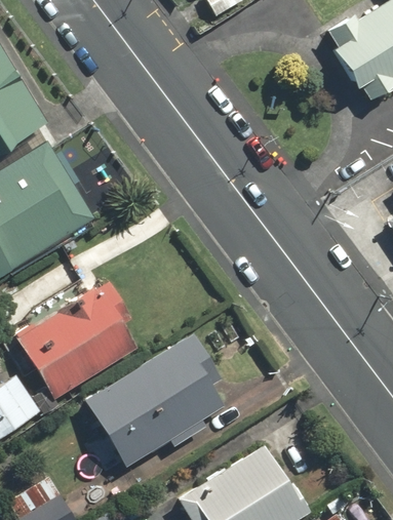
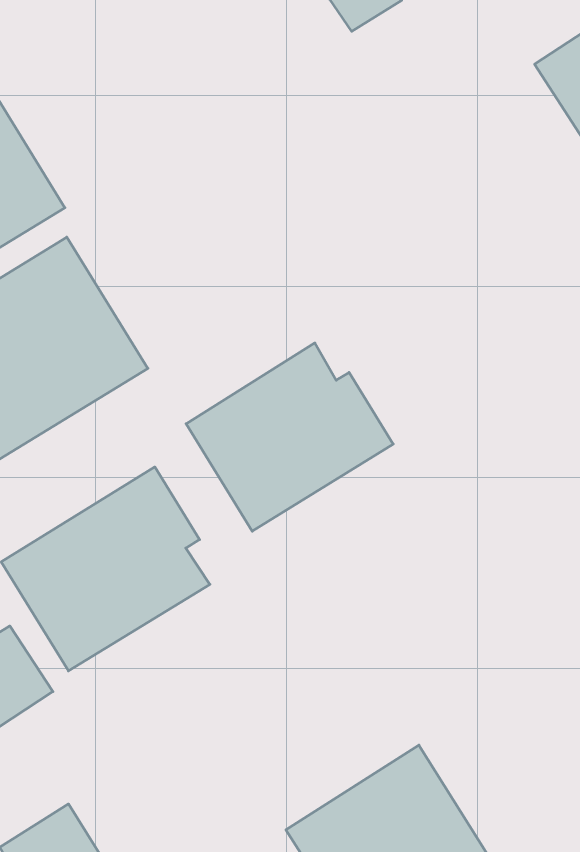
building: none -> [186,343,393,531]
building: [79,329,225,470] -> none

